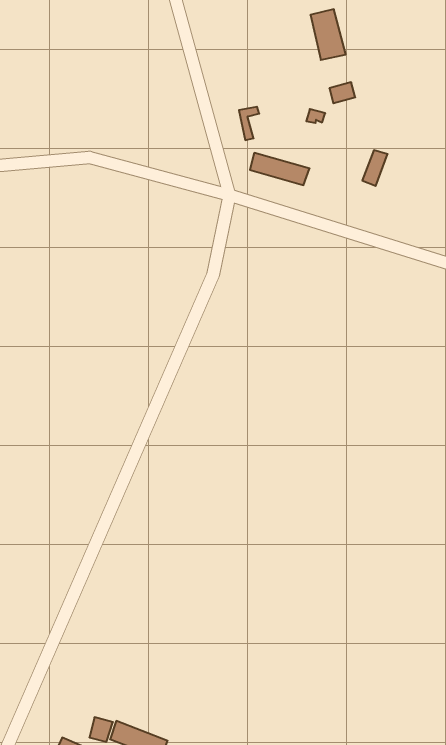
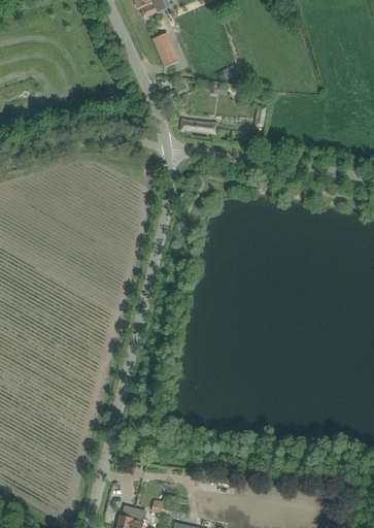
building: [310,9,346,60] -> [152,32,179,66]

